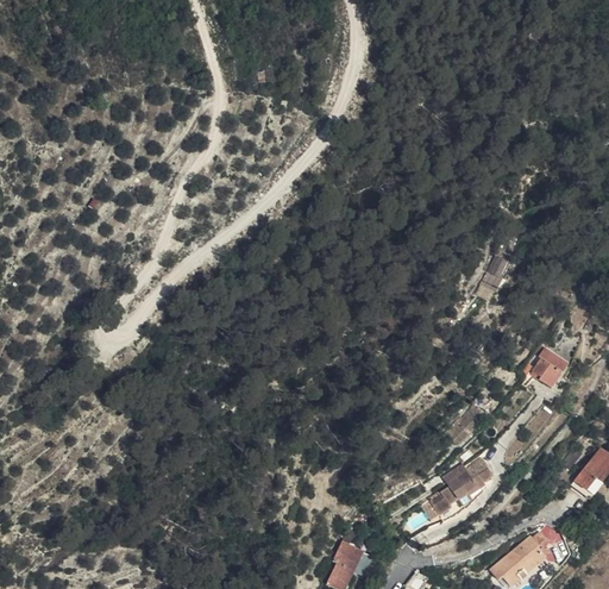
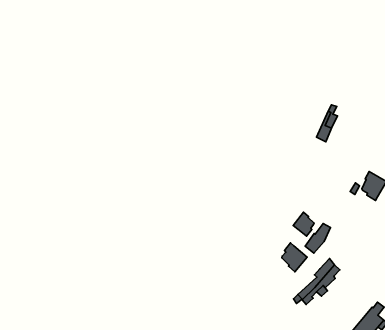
building: none -> [293,212,314,236]
building: none -> [282,243,307,272]

